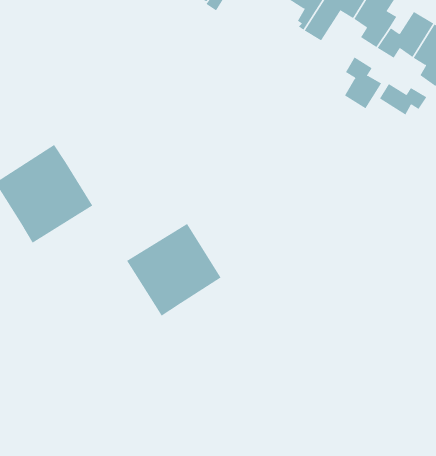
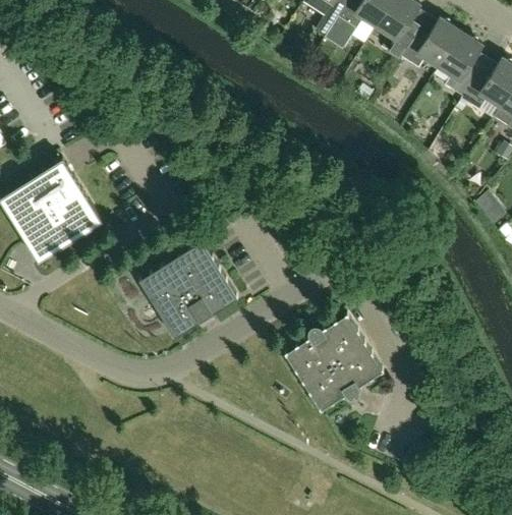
building: [344,56,382,109] -> none
building: [379,83,427,115] -> none
building: none -> [286,313,385,410]

